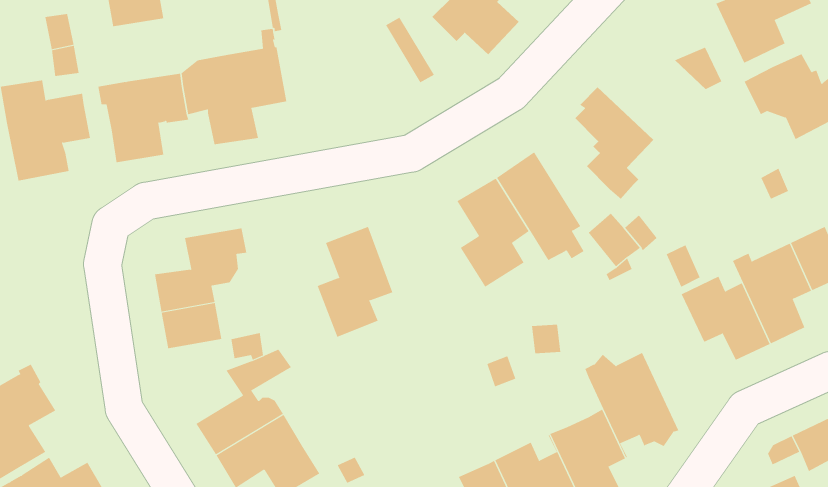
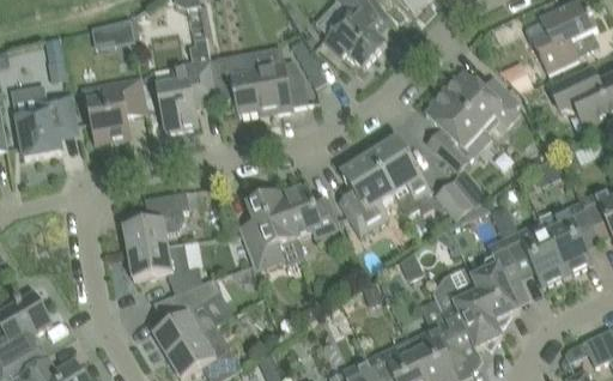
building: none -> [211,54,302,115]
building: none -> [442,72,518,128]
building: none -> [277,185,342,244]
building: none -> [472,240,518,338]

